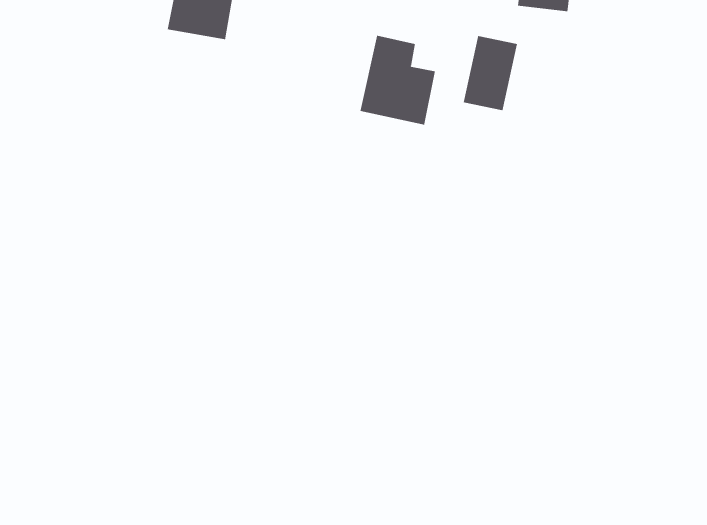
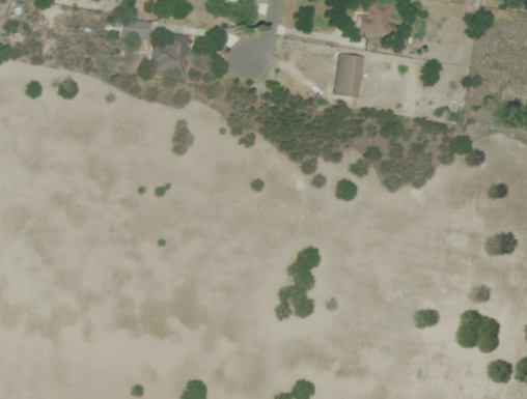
building: [360,35,435,126] -> none

